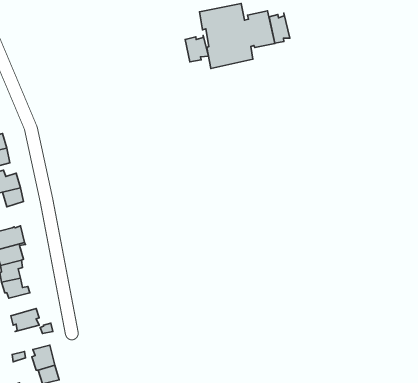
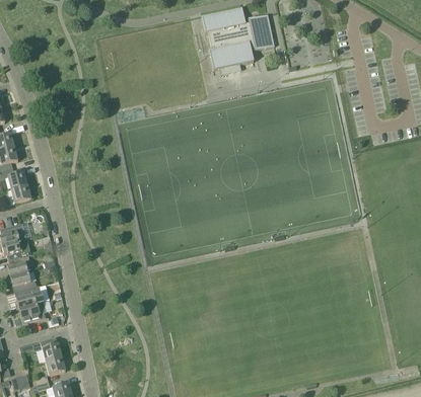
building: [269,13,290,43] -> none
building: [185,35,208,62] -> none
building: none -> [15,286,43,308]

